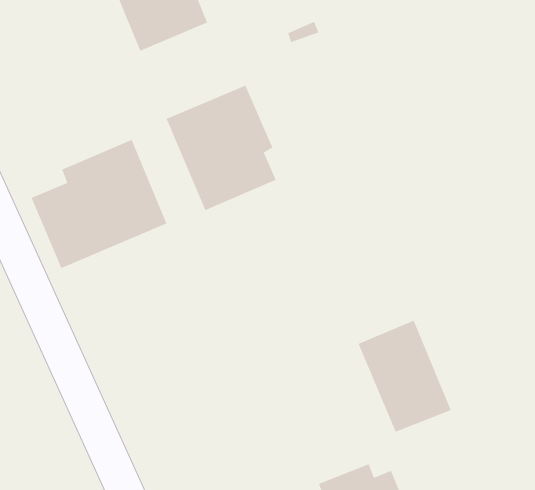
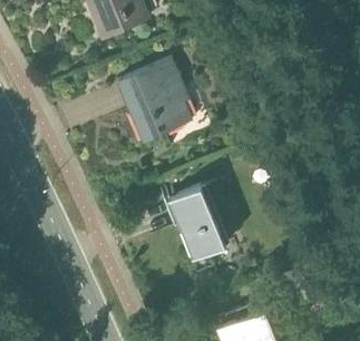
building: [31,139,167,269] -> none
building: [358,320,452,433] -> [168,184,230,257]

